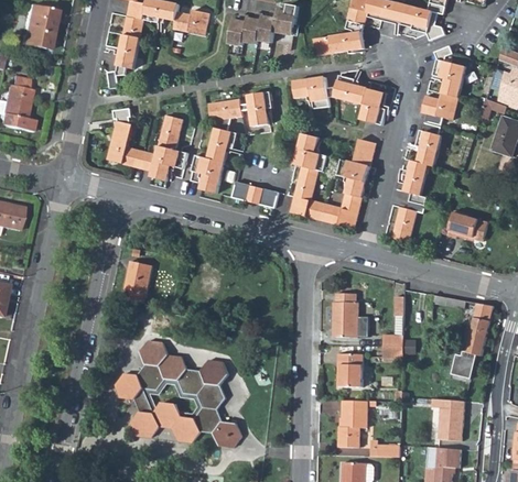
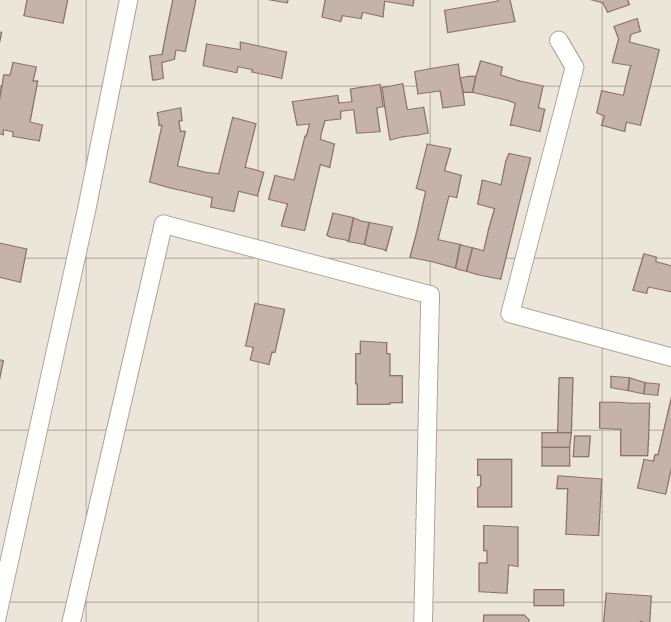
building: none -> [203,42,286,79]
building: none -> [382,83,428,140]
building: [392,122,441,241] -> none
building: [123,260,151,303] -> [245,303,285,365]
building: [333,293,366,337] -> [356,341,403,404]
building: none -> [600,402,650,456]
building: [115,339,240,447] -> none
building: [431,398,463,440] -> [556,476,602,536]

